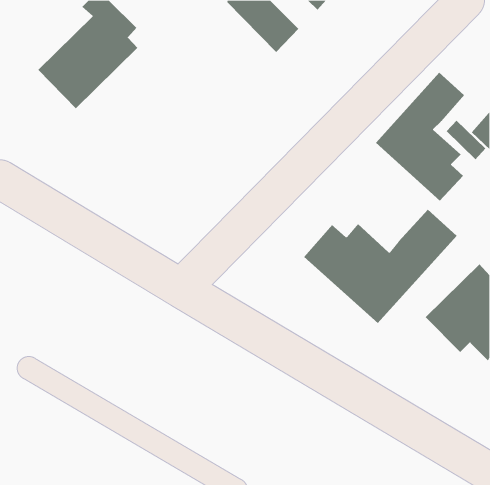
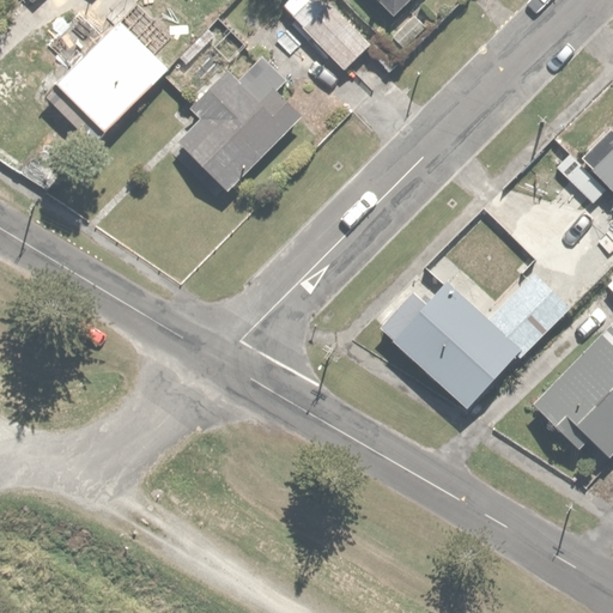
building: none -> [180,57,298,190]
building: [375,72,465,202] -> none

